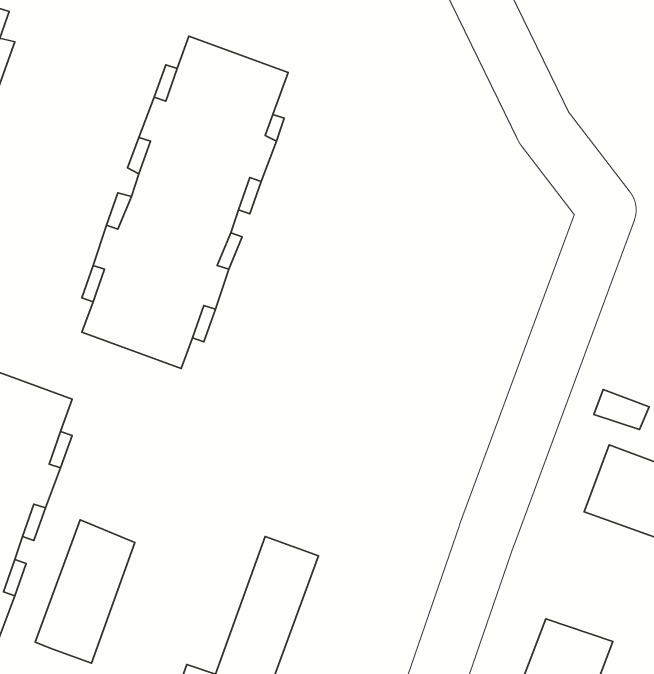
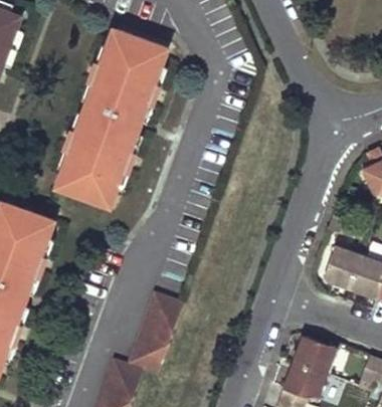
building: [35,520,135,663] -> none

